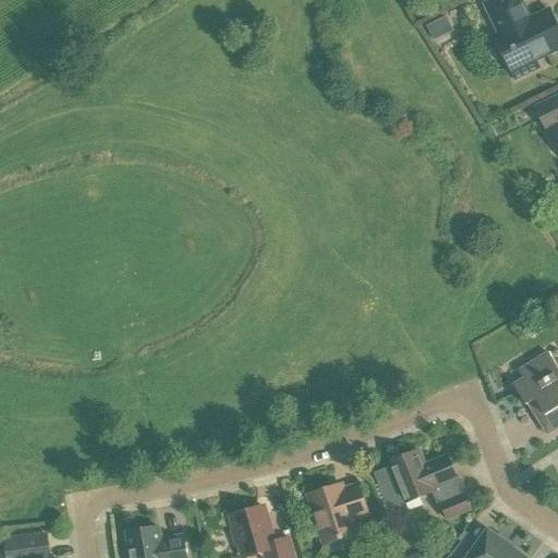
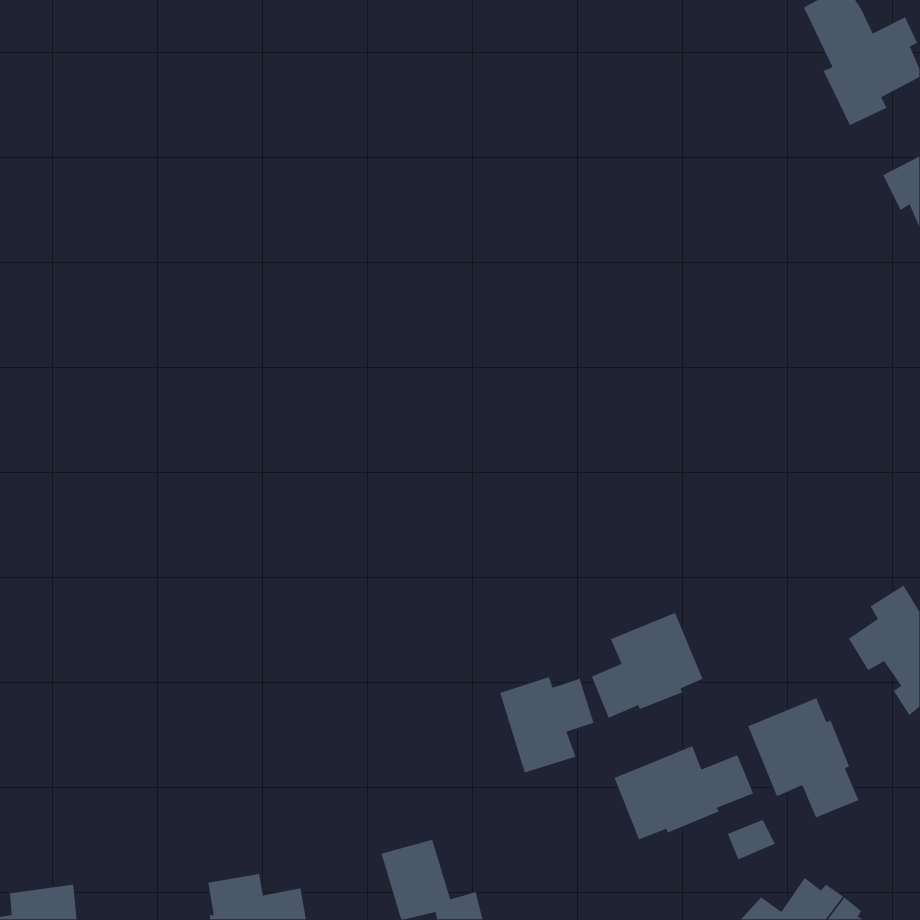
building: none -> [591,612,704,719]
building: none -> [747,697,859,819]
building: [308,485,366,544] -> [499,676,595,774]

